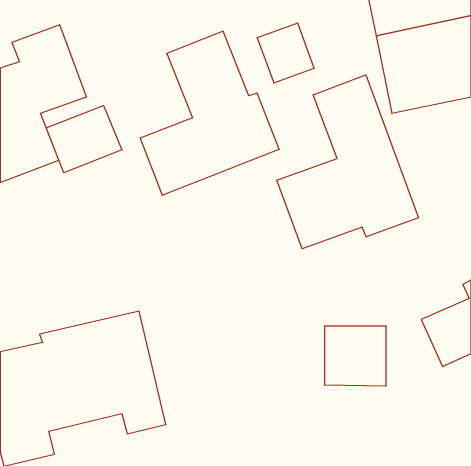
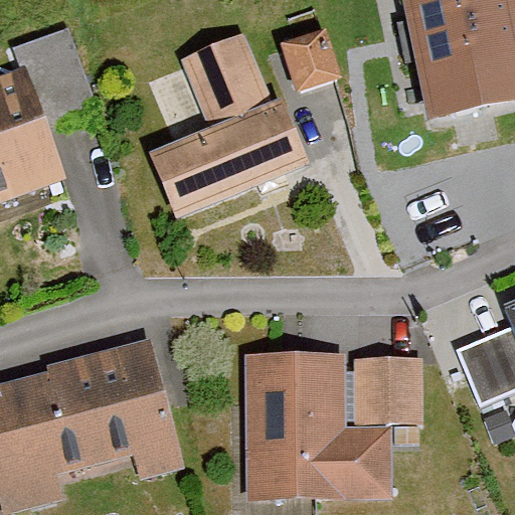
building: [277,75,418,249] -> none
building: [46,106,122,173] -> none
building: none -> [245,354,389,496]

